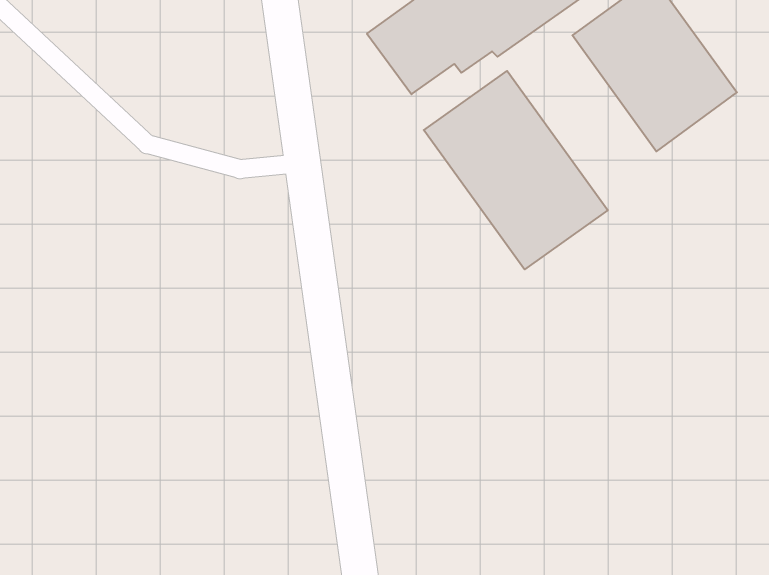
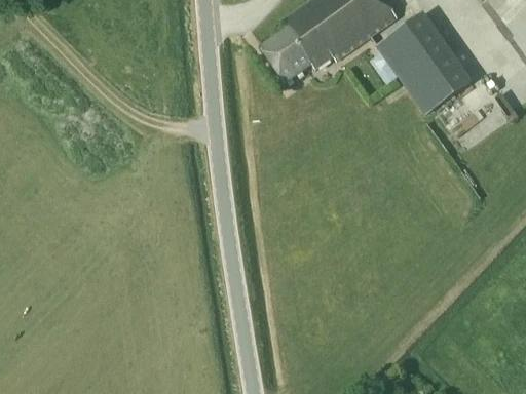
building: [424,71,608,269] -> none

